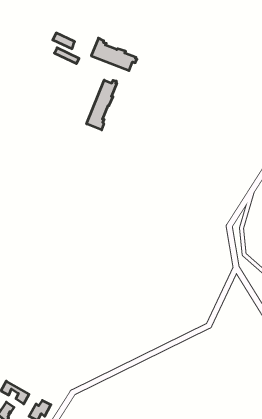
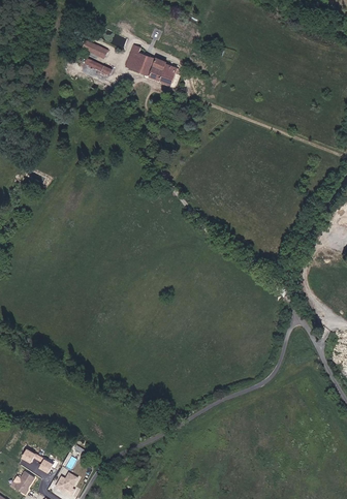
building: [87,80,117,130] -> none

